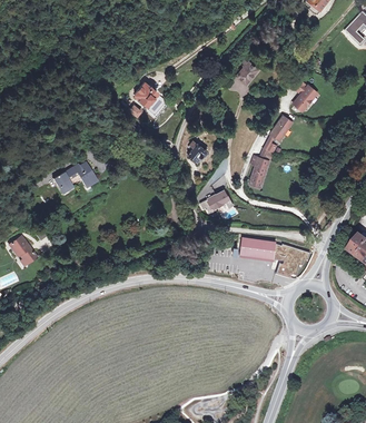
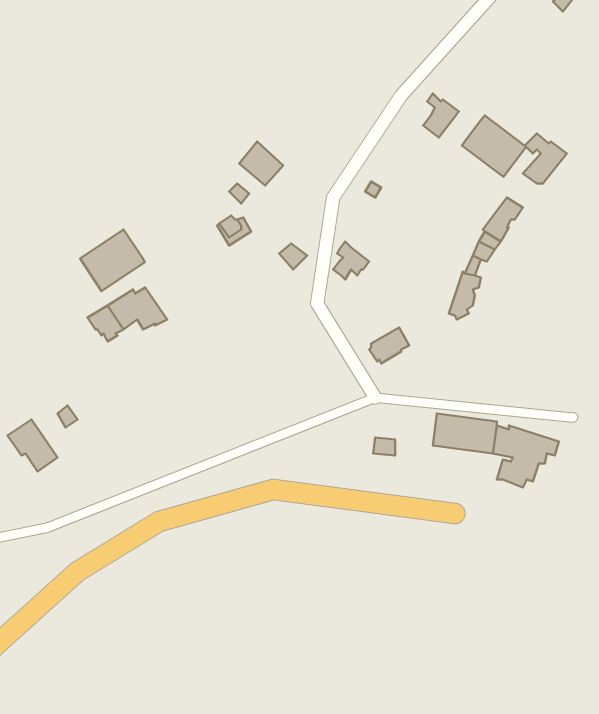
building: none -> [462,116,526,177]
building: none -> [80,230,145,291]

